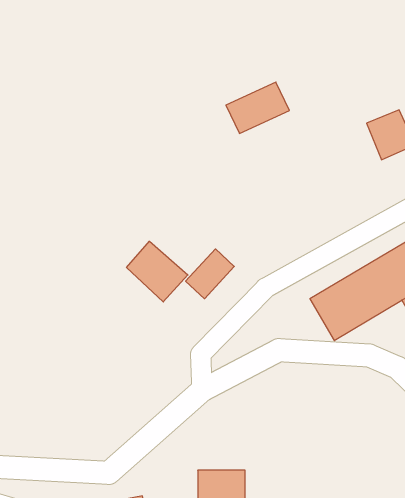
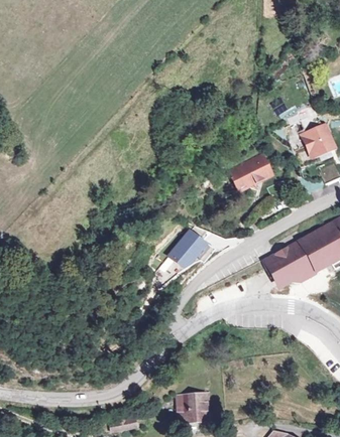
building: [226,82,289,133] -> [227,154,274,192]
building: [127,241,188,302] -> none

